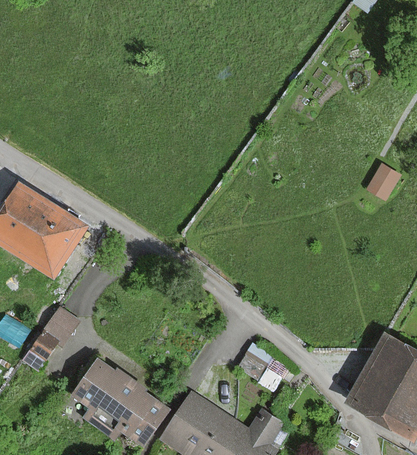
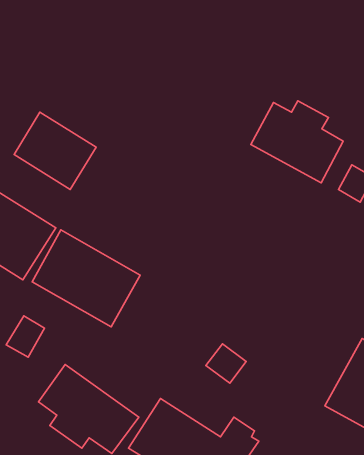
building: none -> [251,101,343,183]
building: none -> [14,112,96,190]
building: none -> [32,230,140,327]

